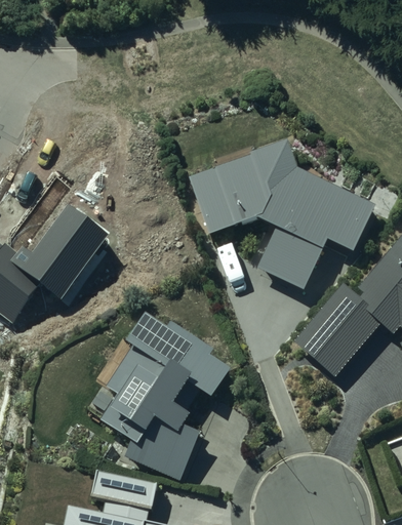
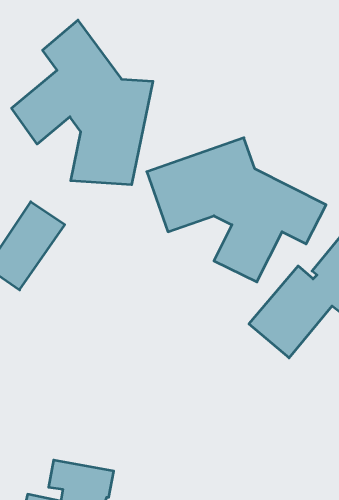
building: none -> [12,20,153,185]
building: [100,304,231,474] -> none

